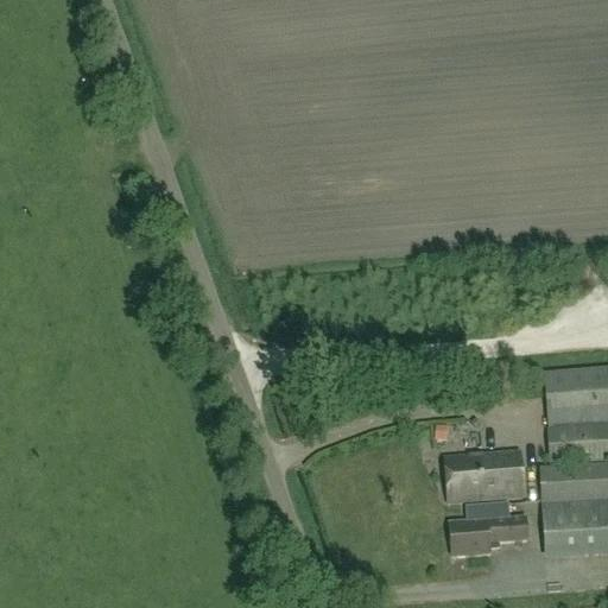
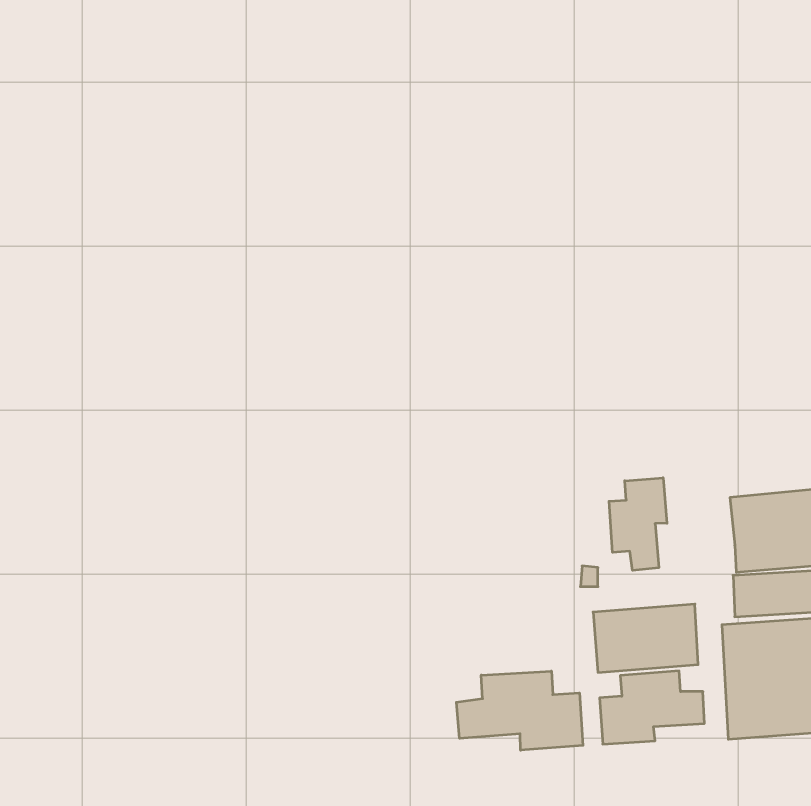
building: none -> [609,478,667,570]
building: none -> [456,671,583,750]

